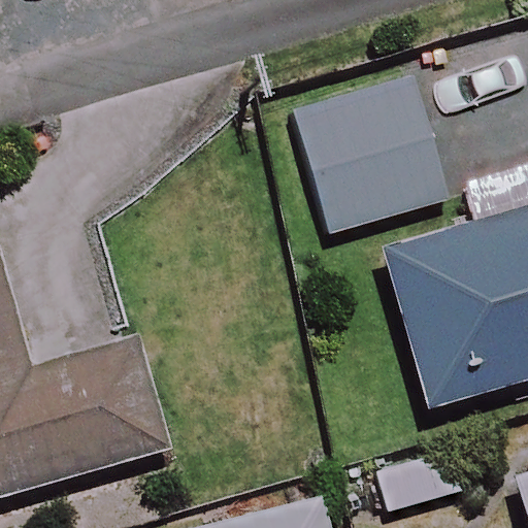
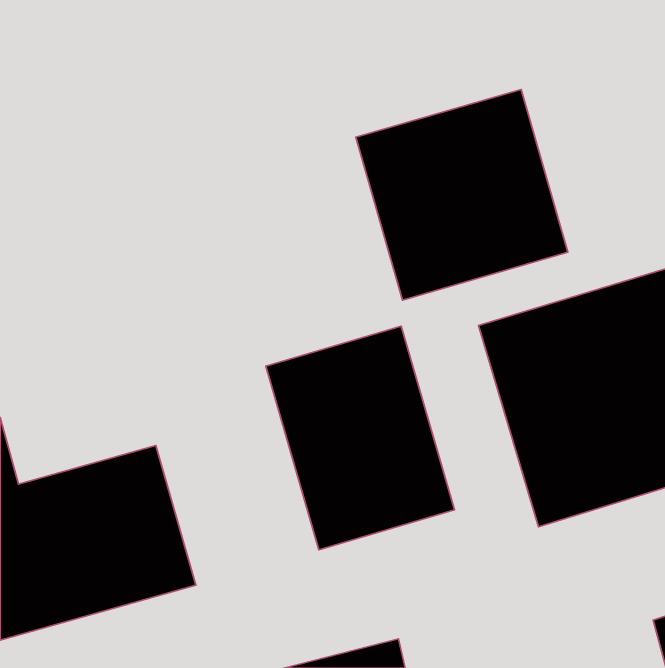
building: none -> [266,326,455,550]

